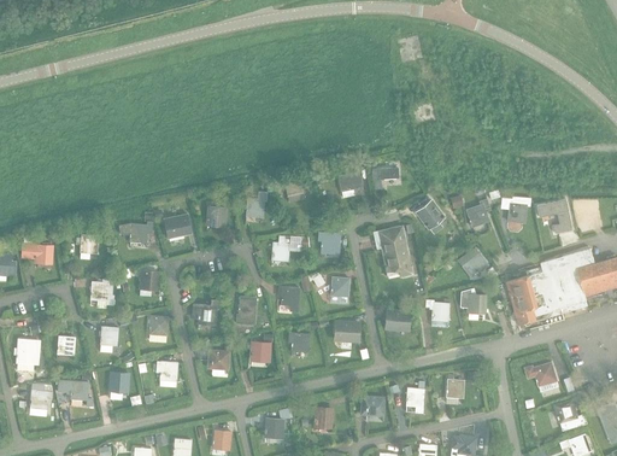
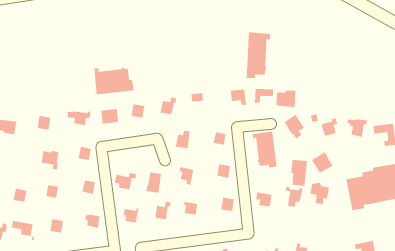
building: none -> [246,32,271,79]
building: none -> [93,67,134,95]
building: none -> [276,90,296,108]
building: none -> [290,159,308,186]

